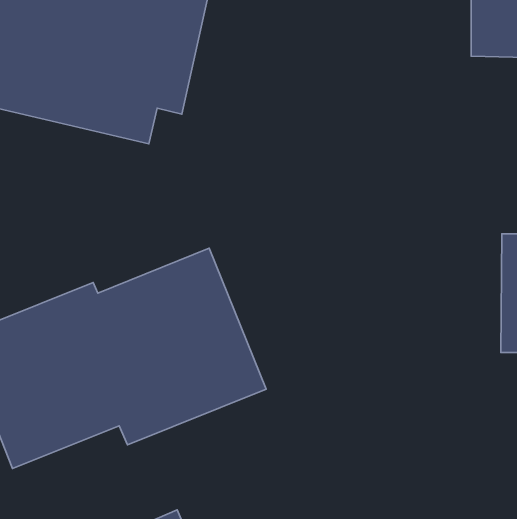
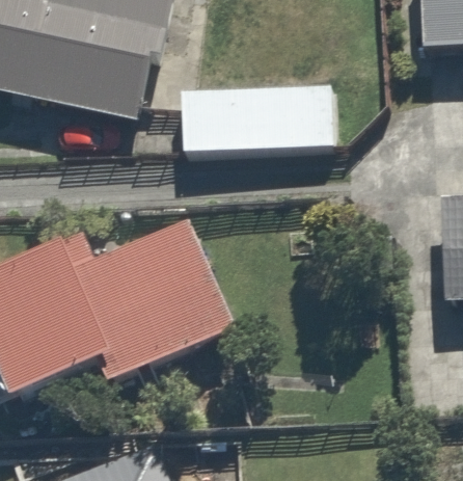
building: none -> [181,78,339,158]

